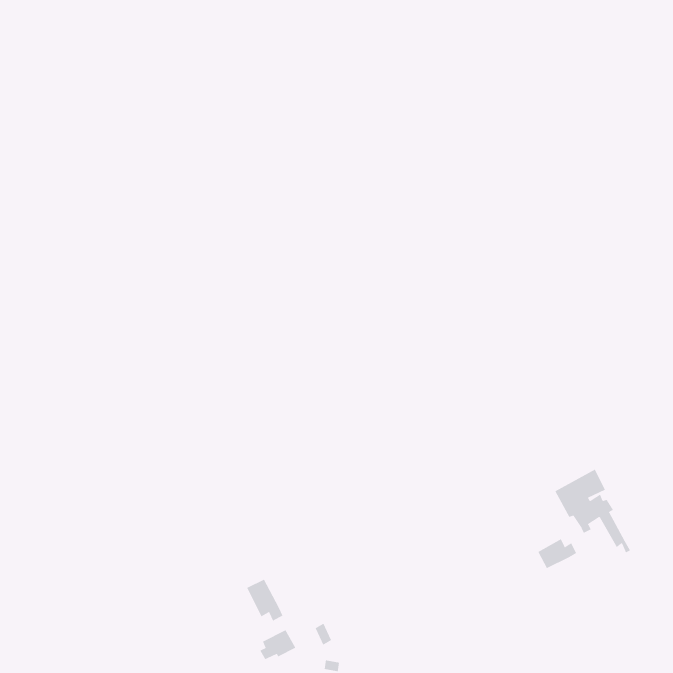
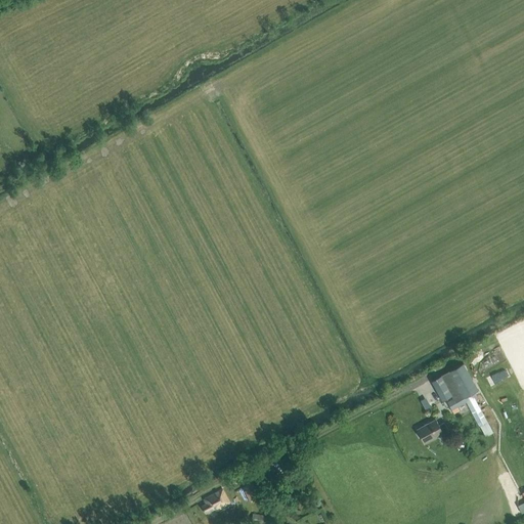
building: [247,579,283,622] -> none

